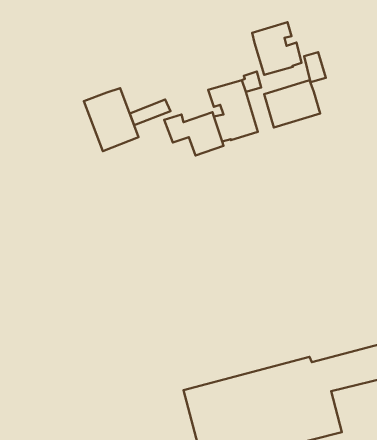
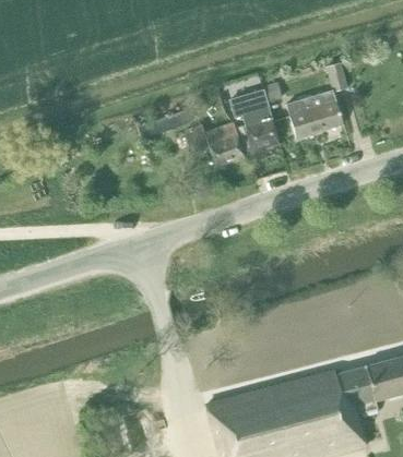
building: [252,22,301,75] -> none
building: [84,88,138,151] -> none

